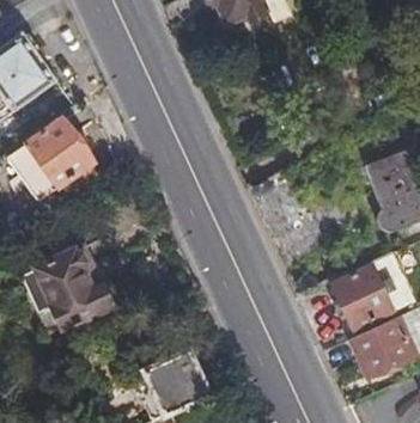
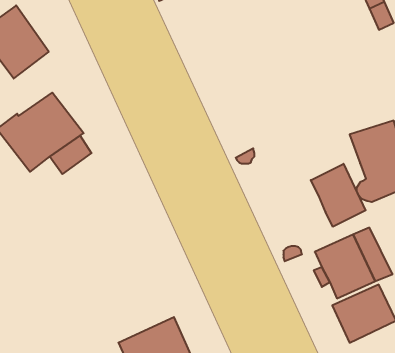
building: none -> [311,164,366,227]
building: [32,246,111,330] -> none

